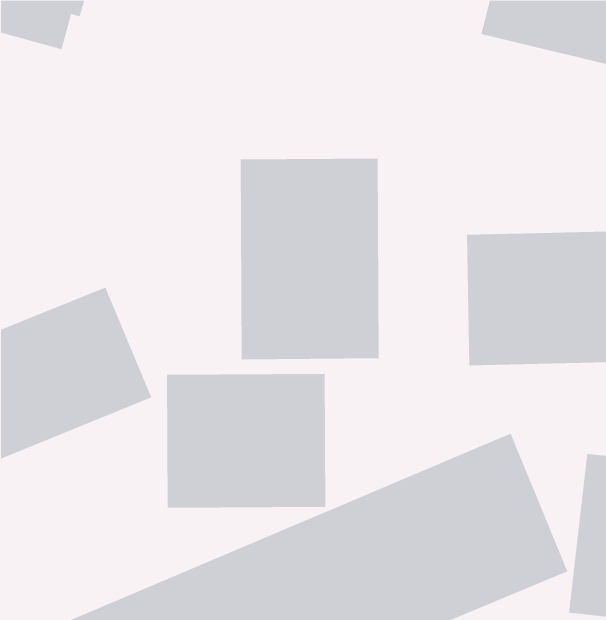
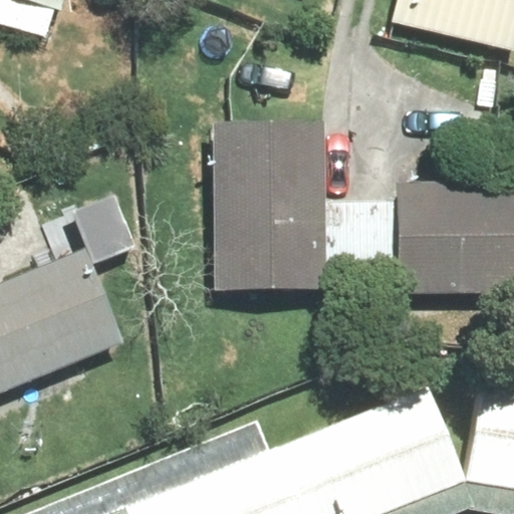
building: [166,373,326,508] -> none

